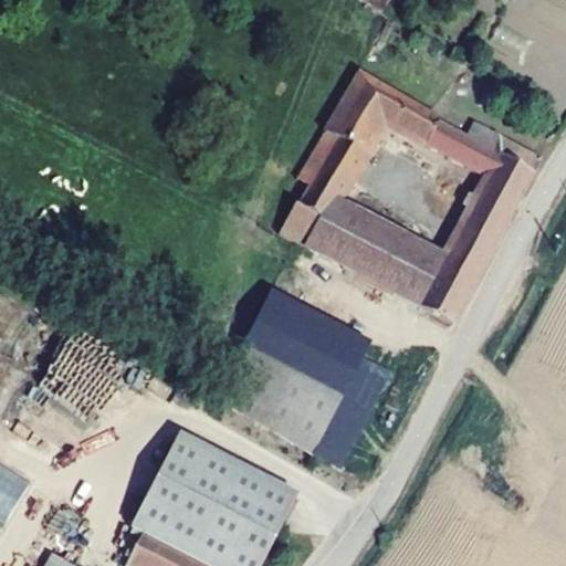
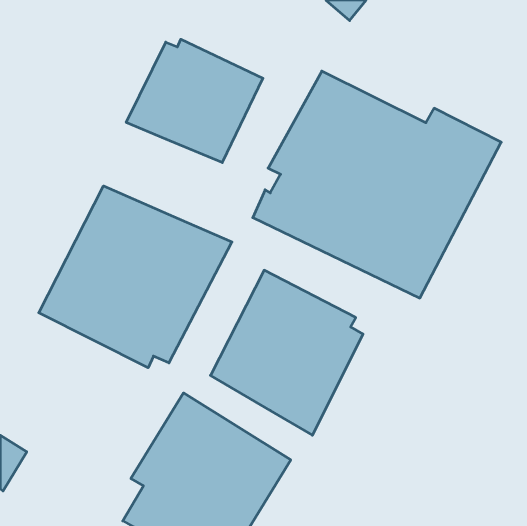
building: none -> [126,39,263,163]
building: none -> [39,186,232,368]

